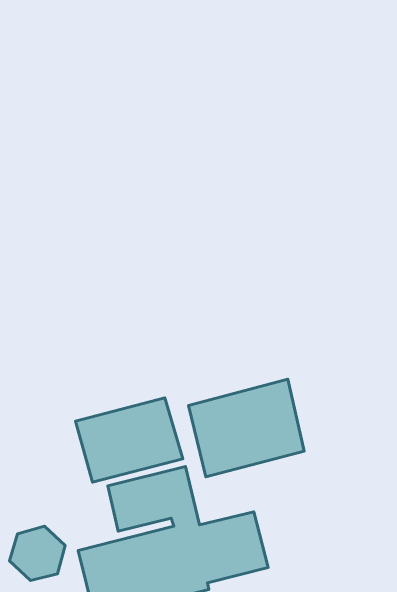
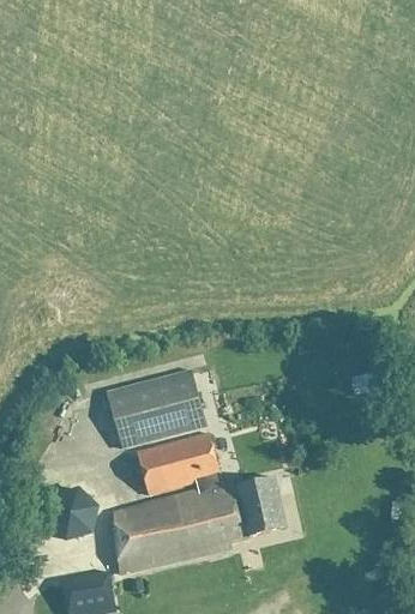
building: [188,379,304,477] -> none

